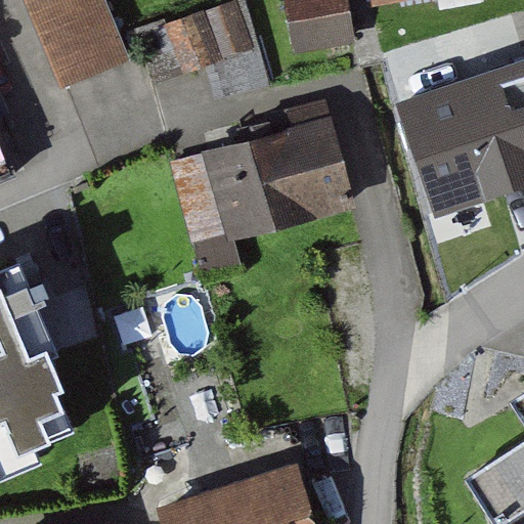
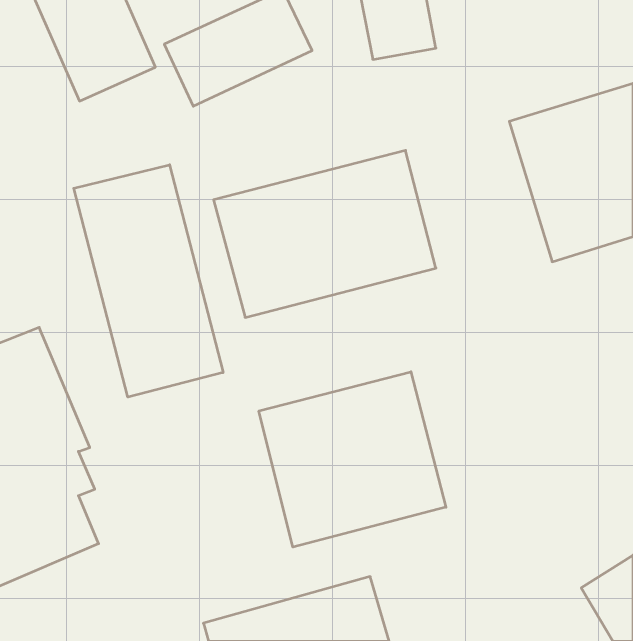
building: none -> [74,165,223,397]
building: none -> [259,372,446,547]

